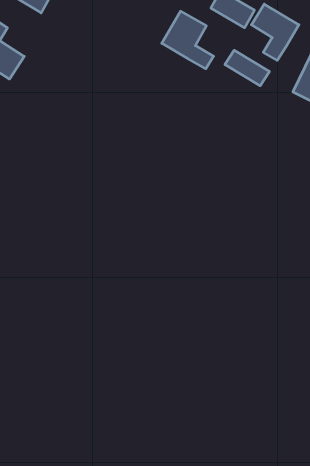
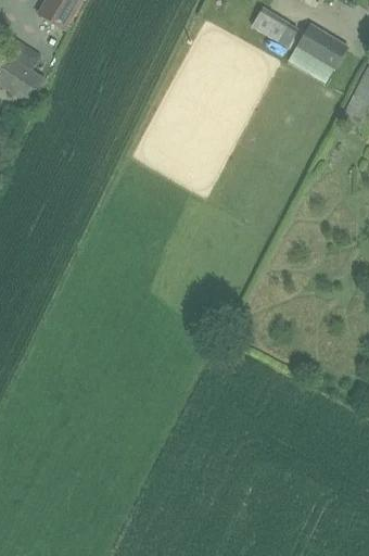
building: [162,11,214,69] -> none
building: [225,50,269,86] -> none

